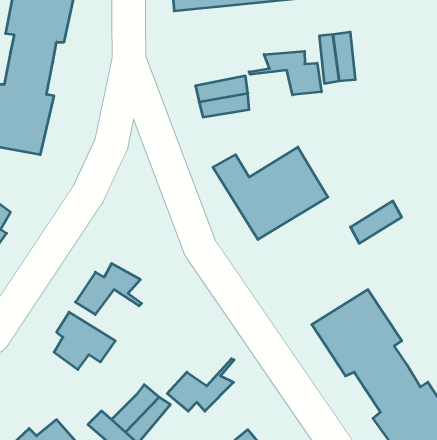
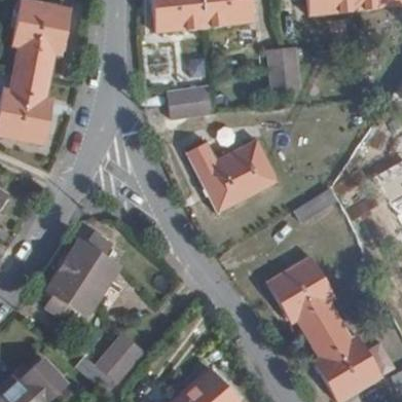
building: [249,51,321,95] -> none
building: none -> [64,257,121,299]
building: [167,359,234,411] -> none

